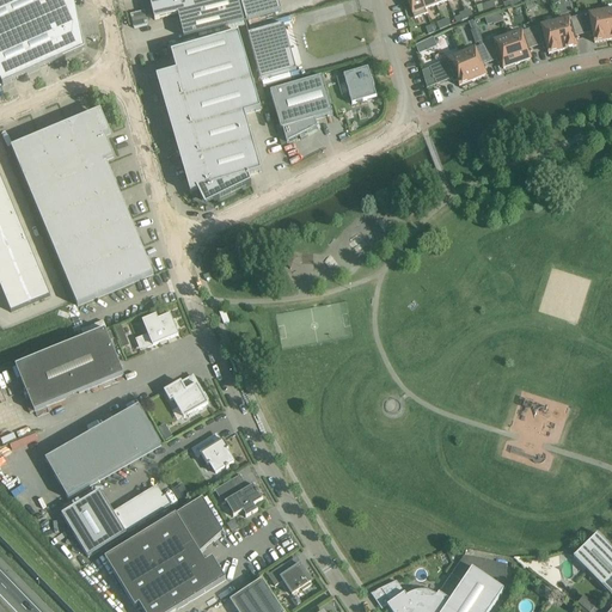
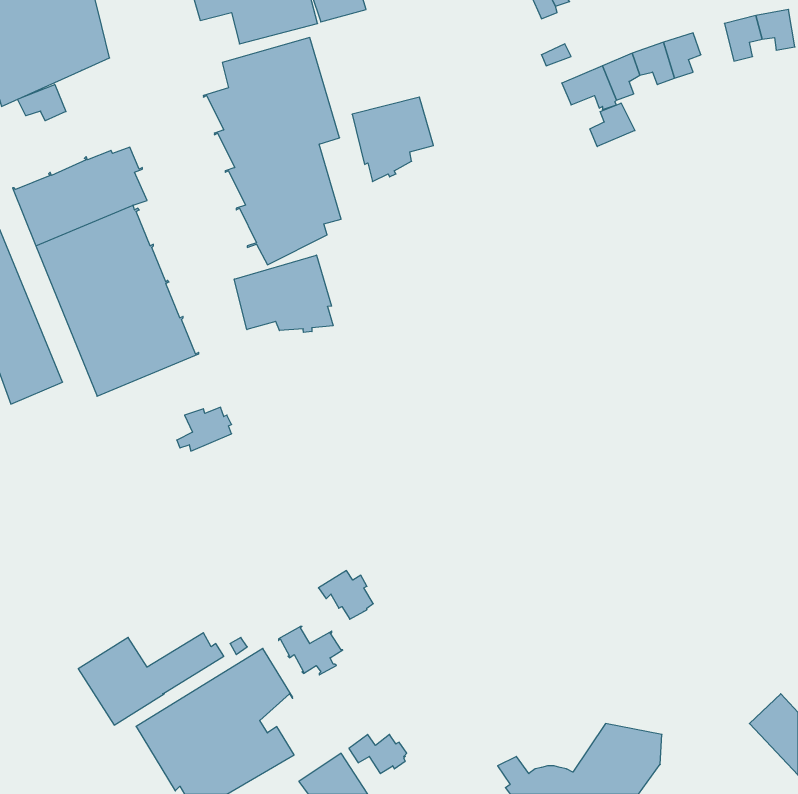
building: [530,18,561,50] -> none
building: [247,22,295,76] -> none
building: none -> [18,84,66,121]
building: [343,65,375,100] -> none
building: none -> [590,103,635,147]
building: none -> [234,255,333,332]
building: [14,325,122,408] -> none
building: [164,378,207,412] -> none
building: [44,402,160,495] -> none
building: [190,433,232,470] -> [318,571,373,619]

